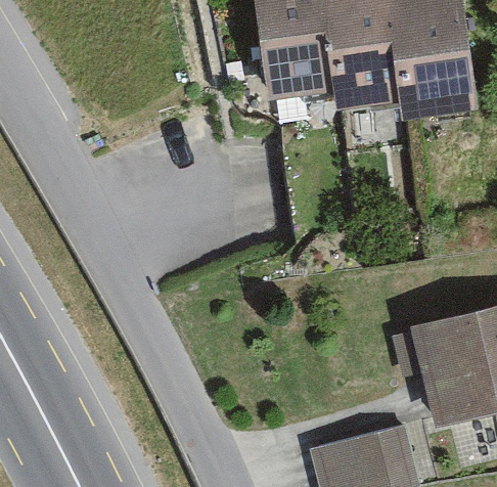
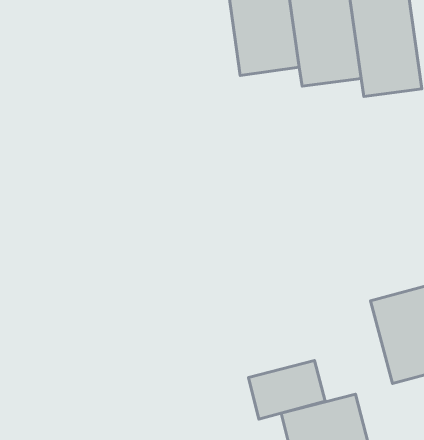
building: none -> [248,361,325,419]

